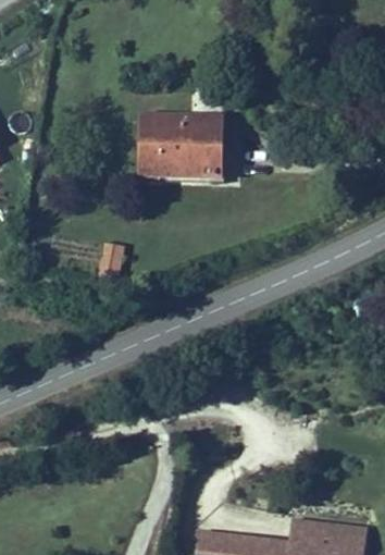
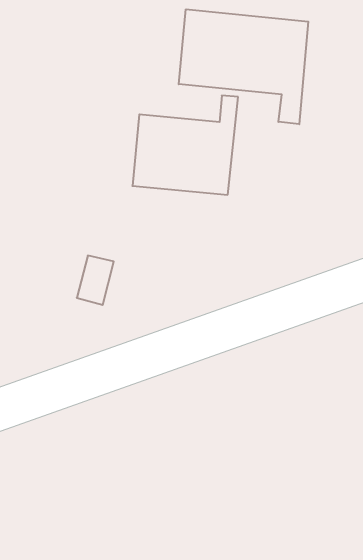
building: none -> [179,9,308,124]

